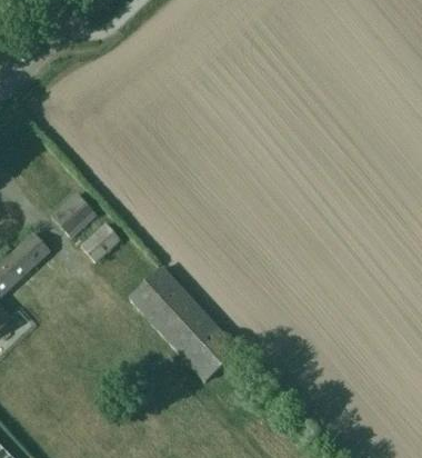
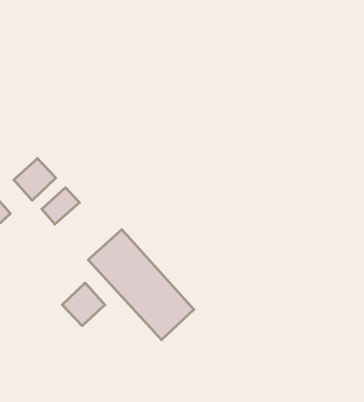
building: none -> [62,283,105,326]

